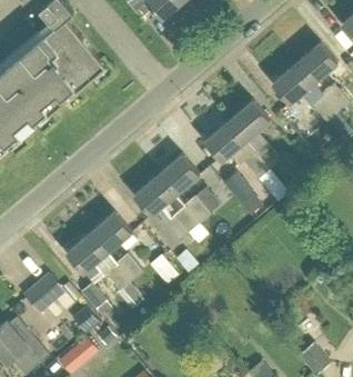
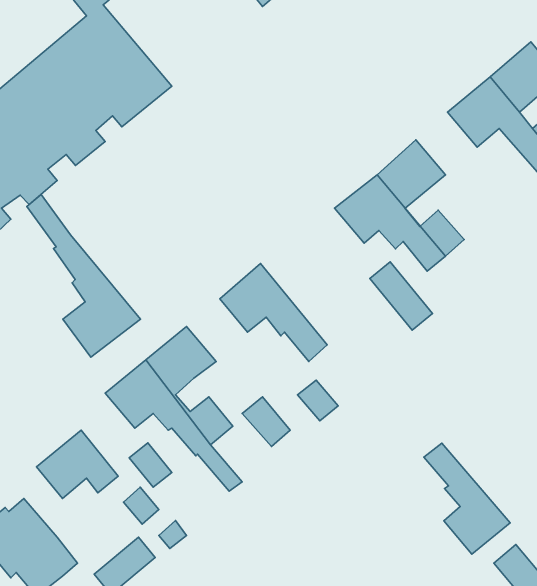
building: none -> [27,194,140,357]
building: [159,153,210,222] -> none
building: none -> [424,443,510,554]

